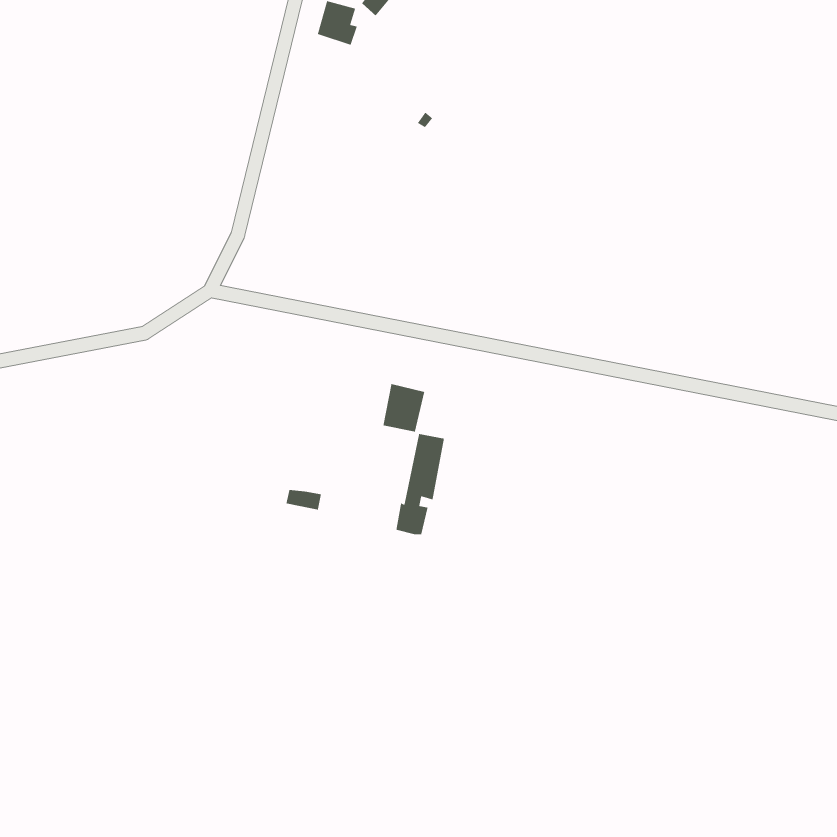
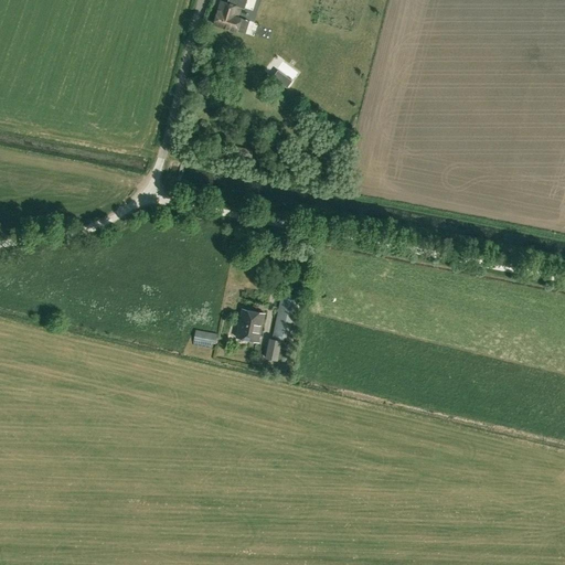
building: [383,383,425,432] -> [235,307,264,340]

